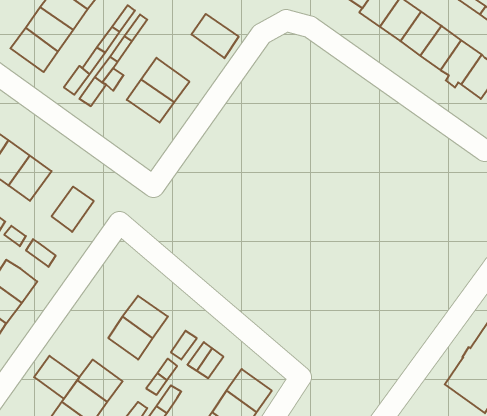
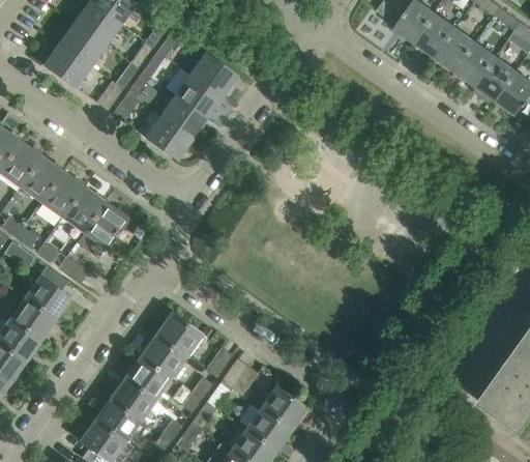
building: [191,14,239,58] -> [189,53,237,97]
building: none -> [144,116,193,161]
building: none -> [62,187,106,233]
building: [34,356,79,399] -> [125,355,171,399]

